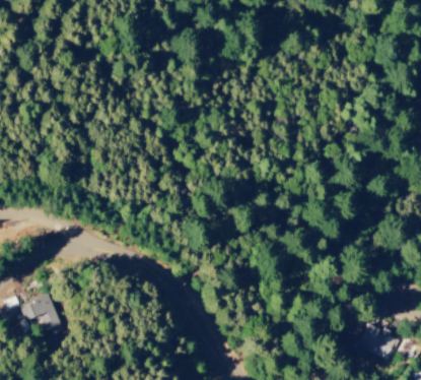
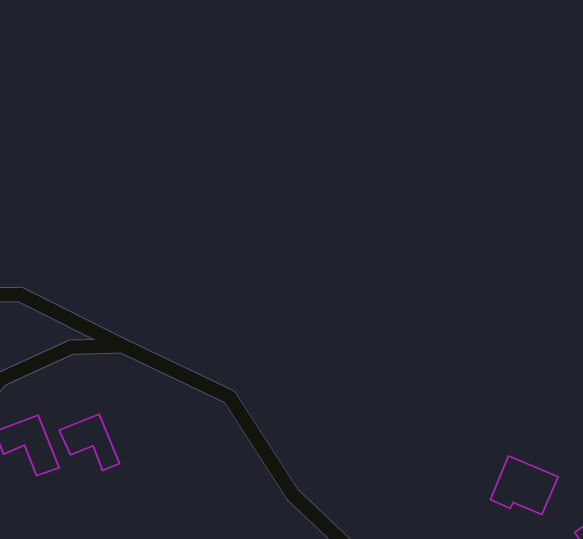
building: none -> [59,414,119,470]

